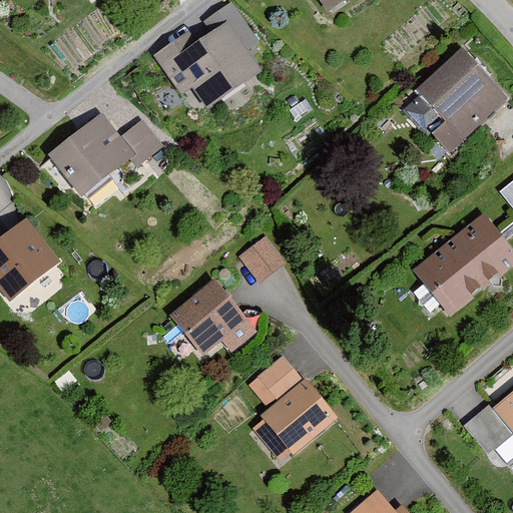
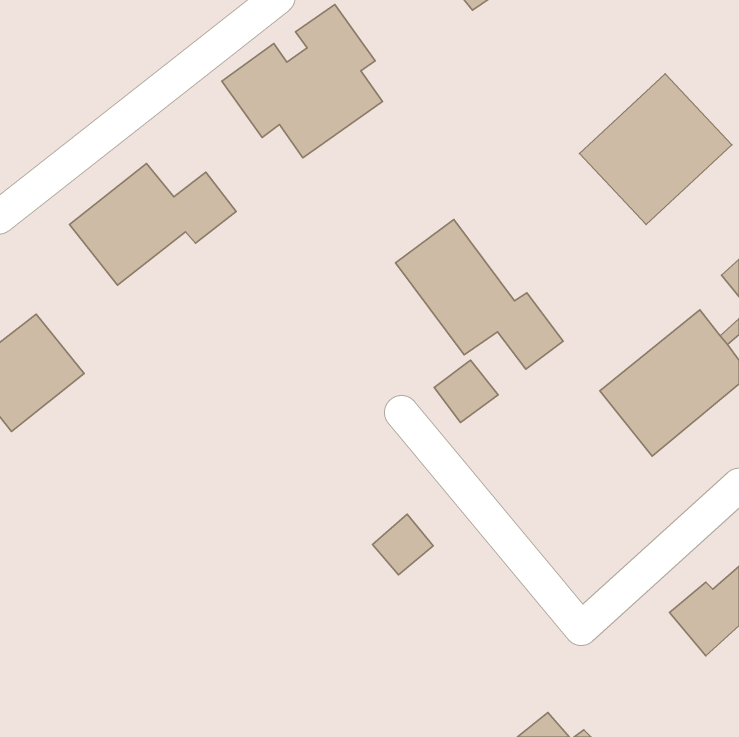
building: none -> [396,219,563,369]
building: [239,235,284,279] -> [434,360,498,422]
building: [171,280,248,355] -> none
building: [261,377,338,453] -> none

